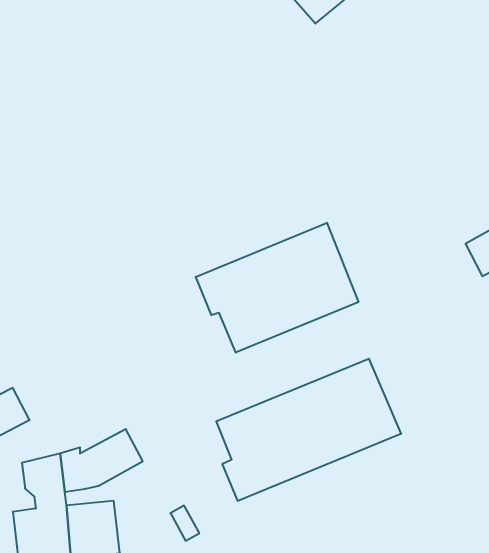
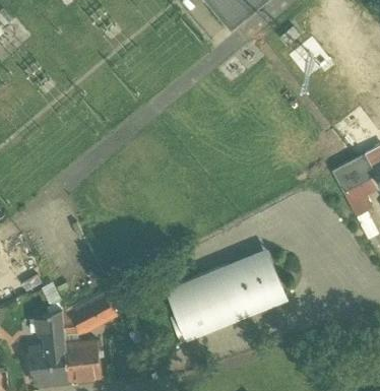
building: [196,223,358,353] -> none

